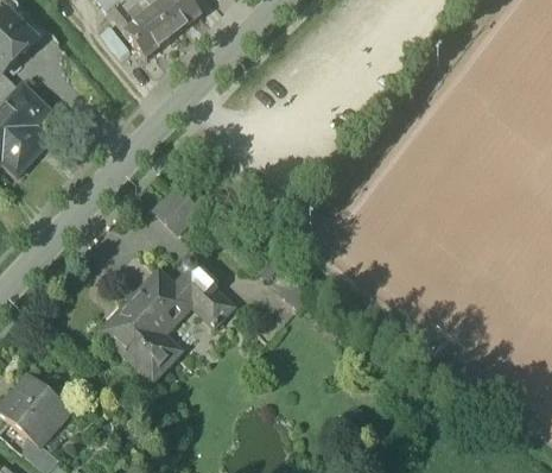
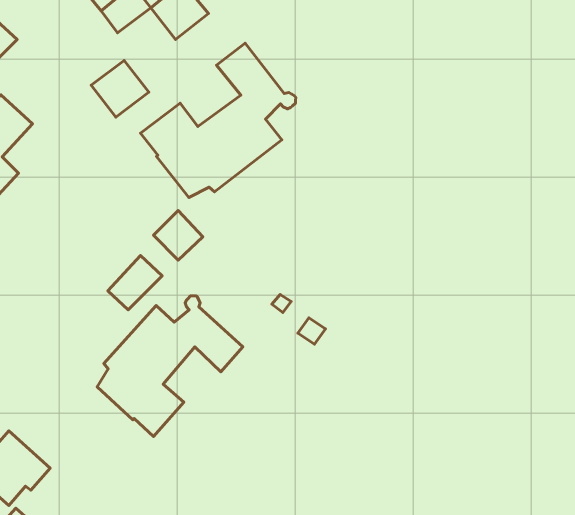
building: [123,10,173,58] -> [91,61,149,117]
building: none -> [140,43,296,198]
building: none -> [108,255,162,310]

